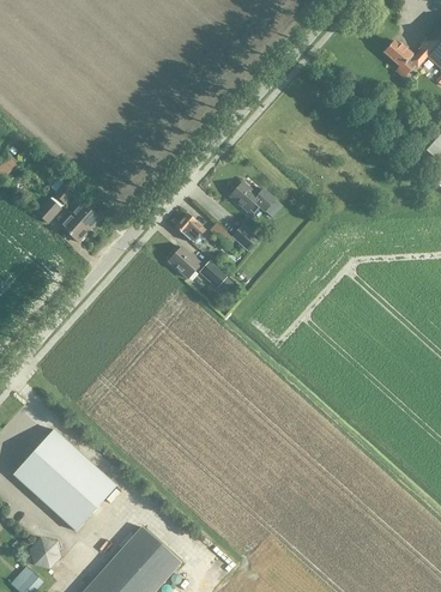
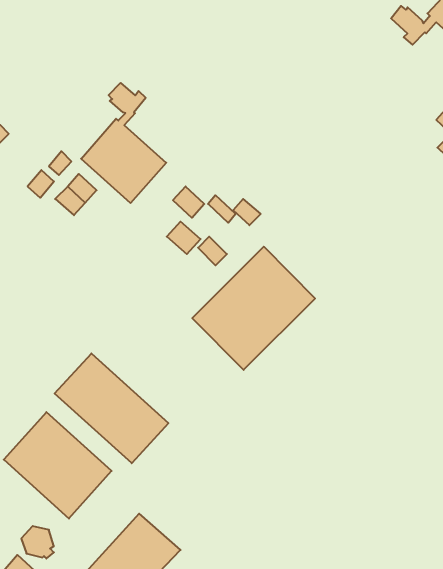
building: none -> [81,83,166,203]
building: [230,182,276,212] -> none
building: none -> [192,247,315,370]
building: none -> [55,353,168,463]

